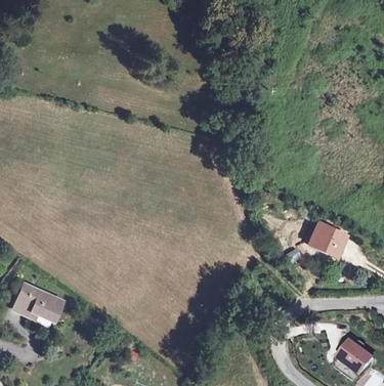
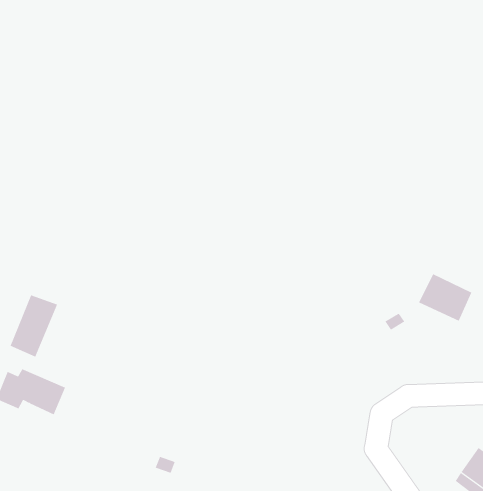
building: none -> [10,294,58,357]

